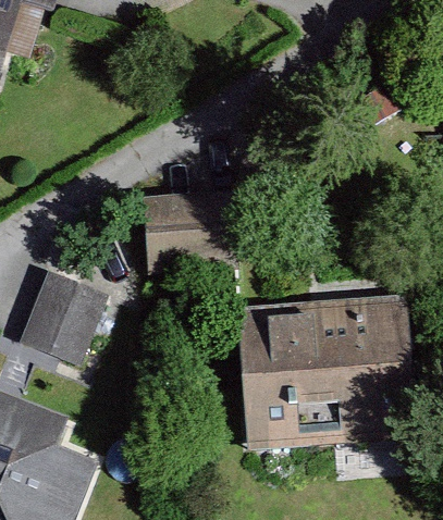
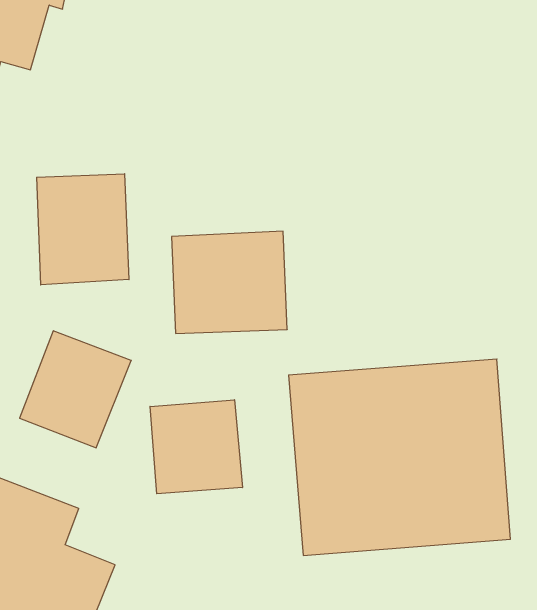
building: none -> [37,174,129,285]
building: none -> [150,400,242,494]

